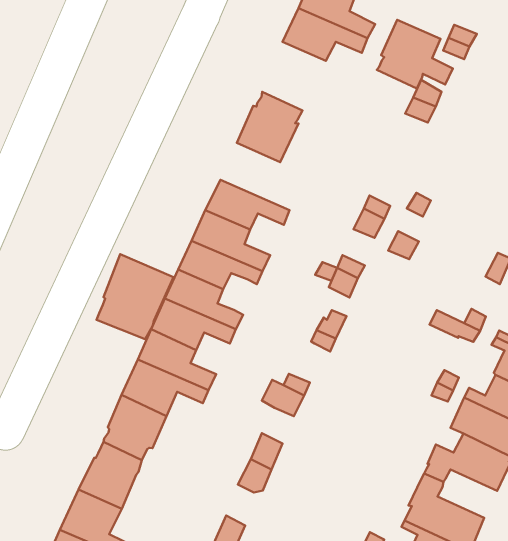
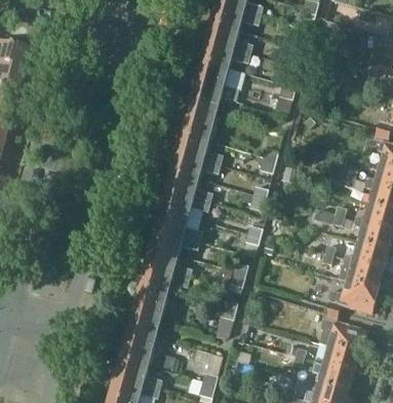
building: [377,20,453,89] -> [193,66,238,105]
building: none -> [176,131,224,166]
building: [97,254,174,339] -> none

